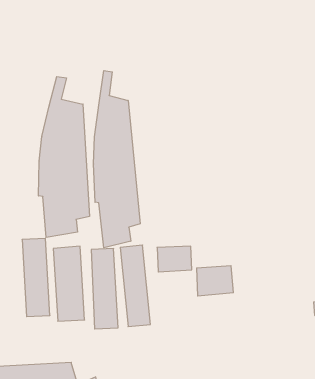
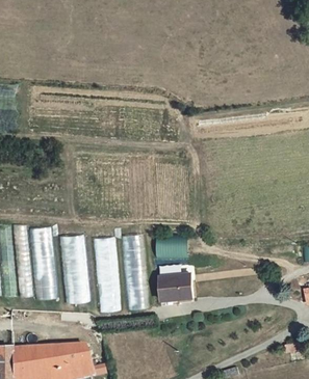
building: [94,71,140,248] -> none
building: [39,77,89,237] -> none
building: [197,266,233,296] -> [154,273,188,301]

